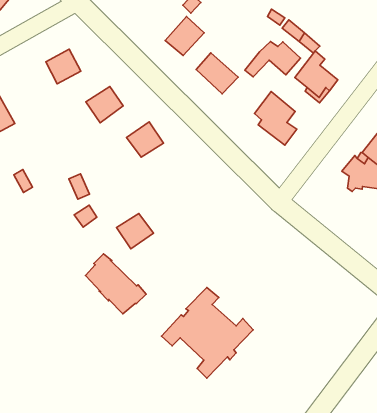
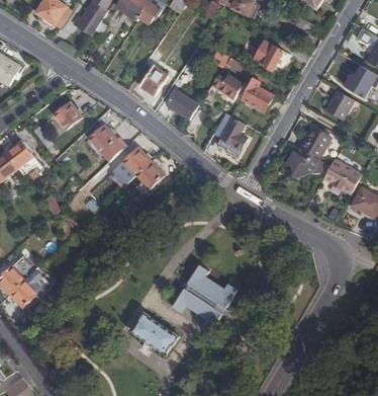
building: none -> [253,39,289,74]
building: [116,213,154,249] -> [134,162,163,189]
building: [85,254,146,314] -> [130,313,178,355]

